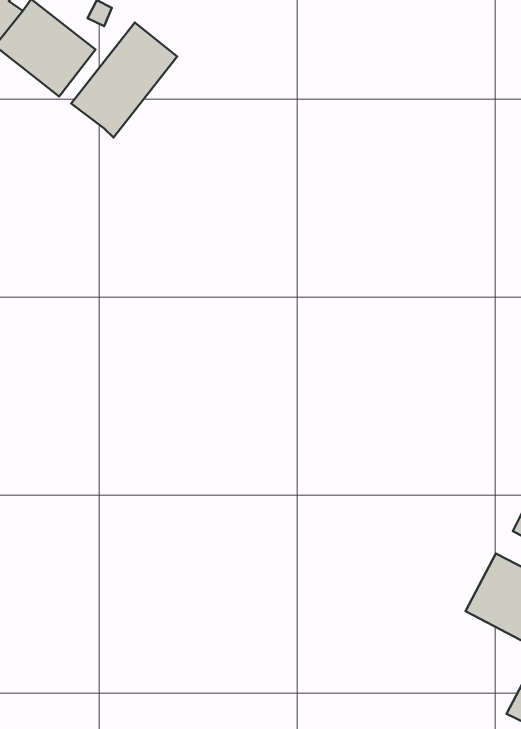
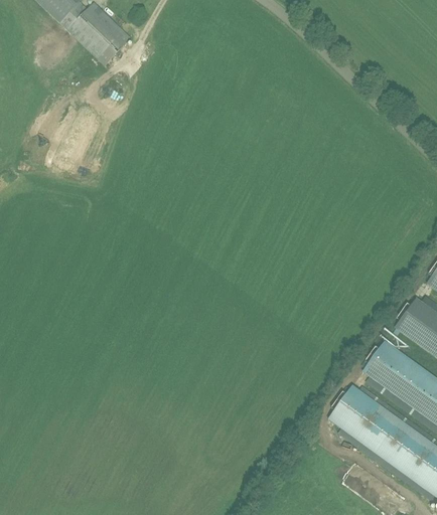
building: [71,22,177,137] -> none

